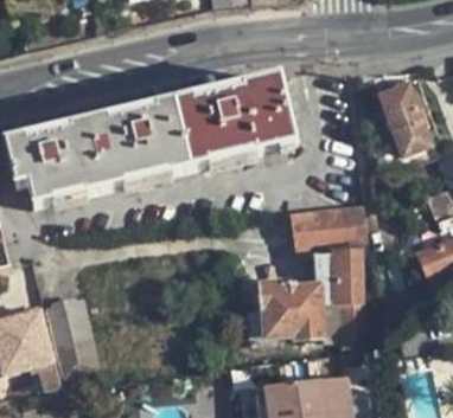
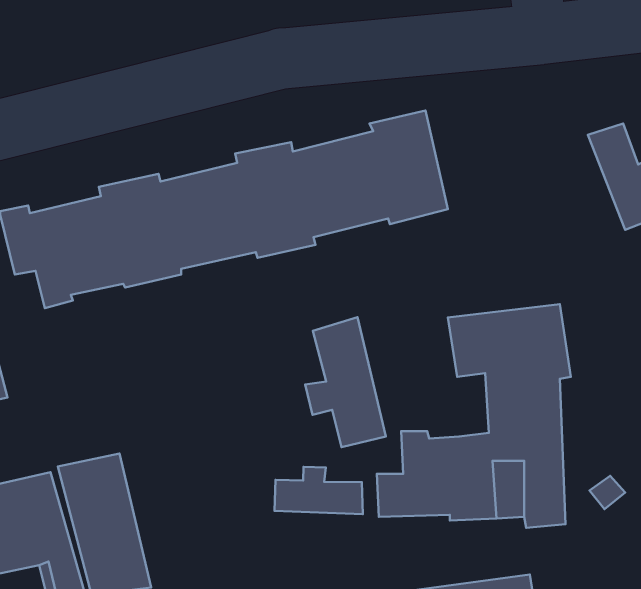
building: none -> [305,317,386,447]
building: none -> [274,467,363,514]

